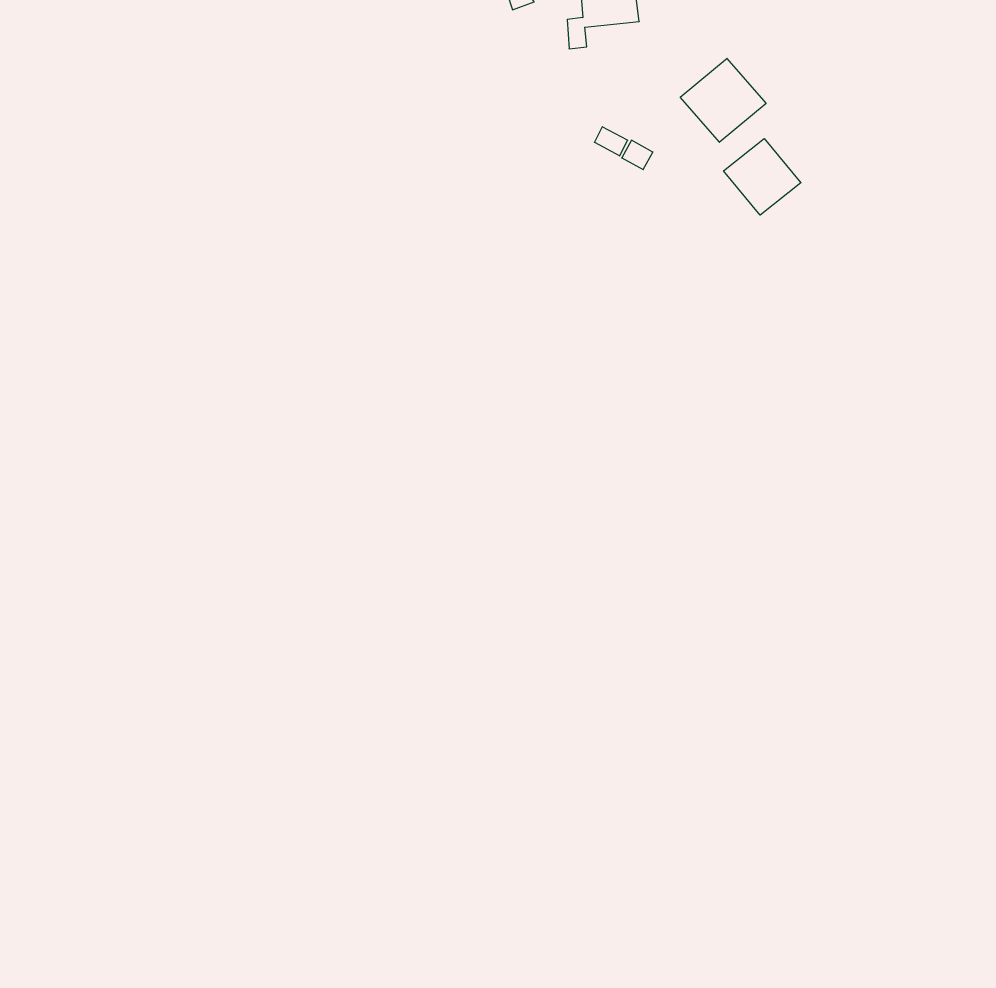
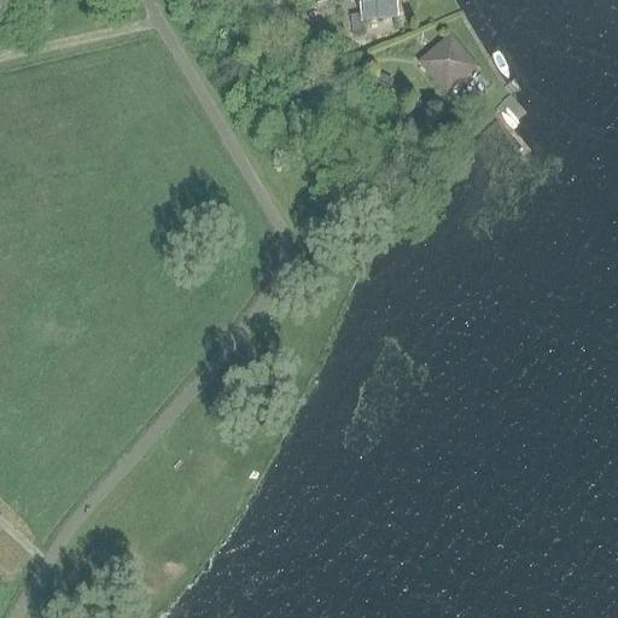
building: [724,139,801,215] -> none

